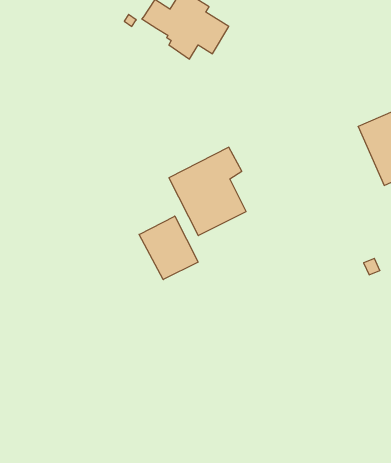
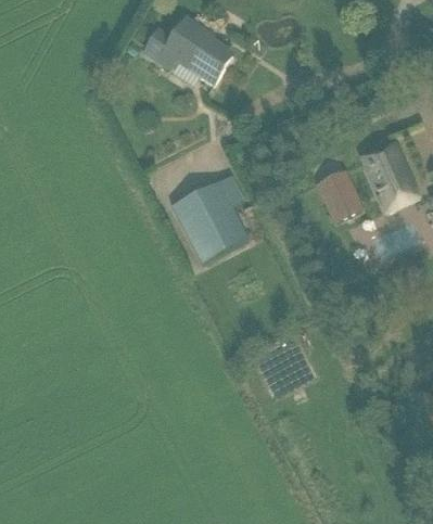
building: none -> [318,169,362,220]
building: [139,216,198,280] -> none

